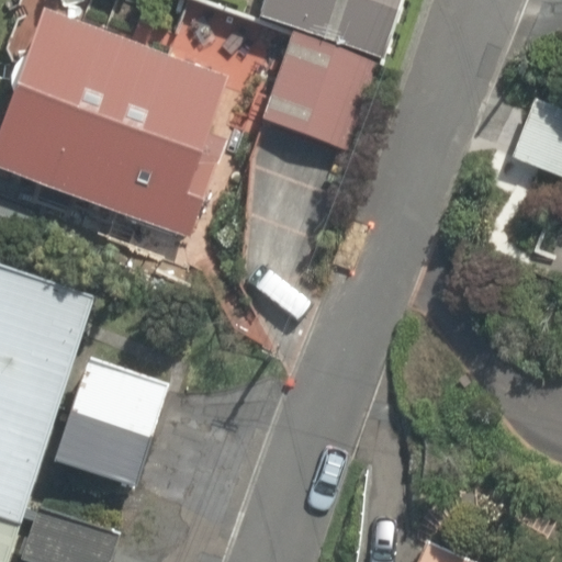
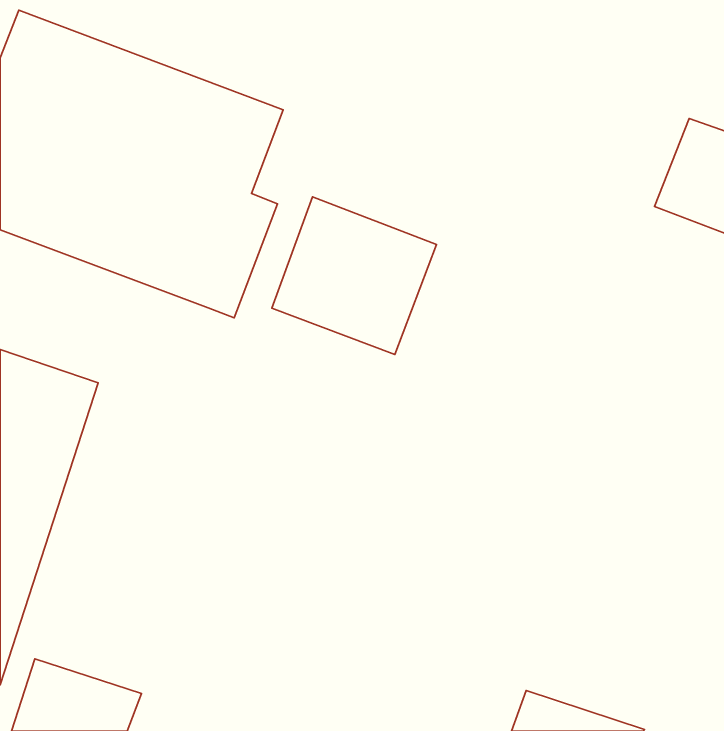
building: [256,29,381,148] -> [272,197,437,354]
building: [40,349,172,491] -> none

